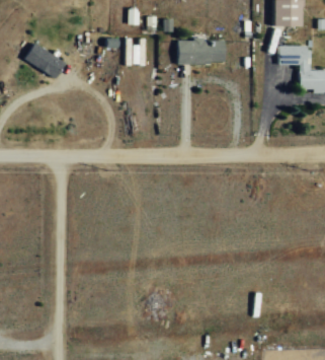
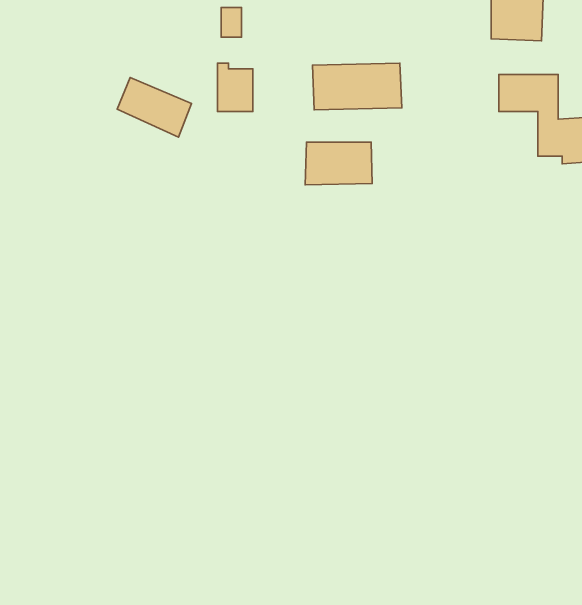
building: [24,45,65,77] -> [117,77,192,137]
building: none -> [305,142,372,185]

